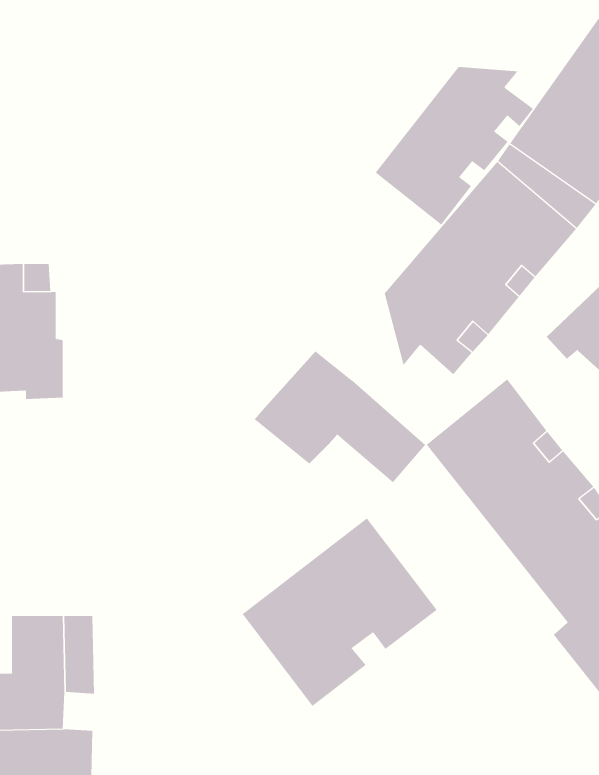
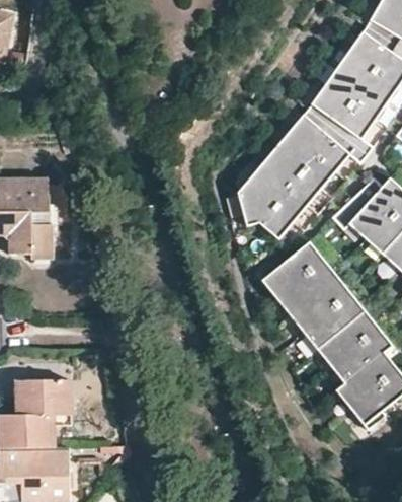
building: [375,66,534,225] -> none
building: [254,351,426,483] -> none
building: [242,517,438,707] -> none

